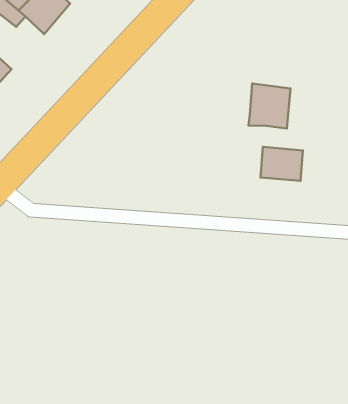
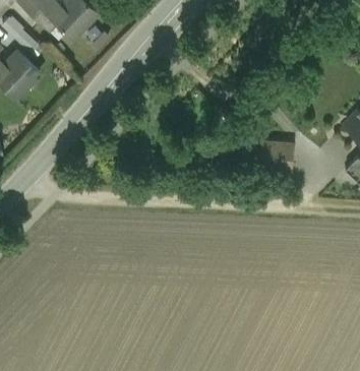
building: [248,84,290,129] -> none

